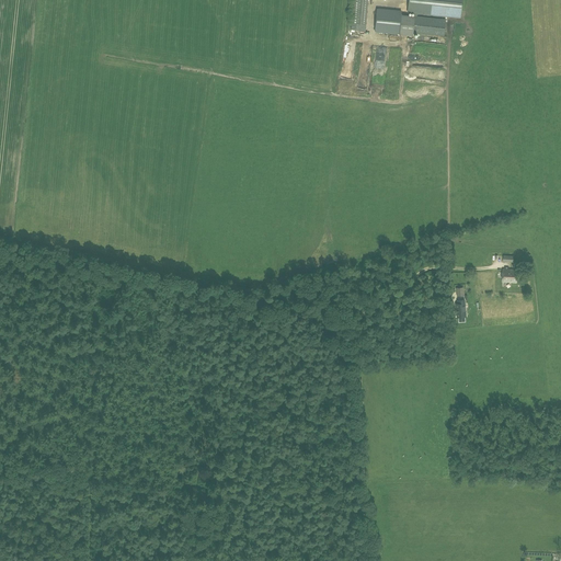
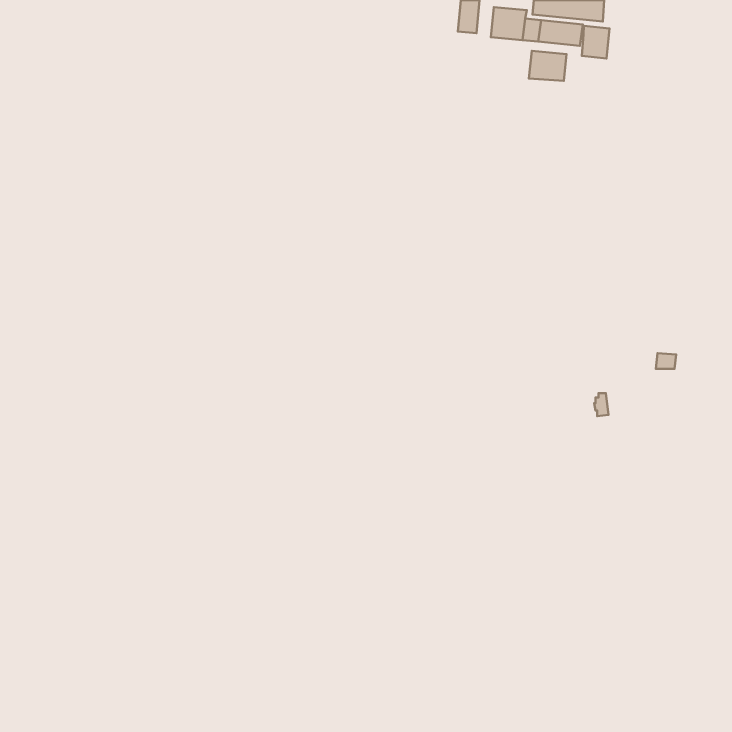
building: none -> [582,26,609,58]
building: none -> [529,51,567,81]

